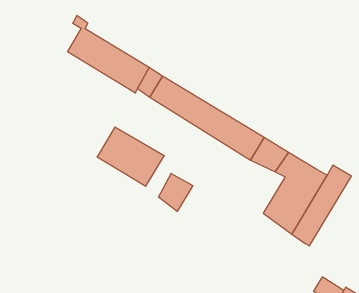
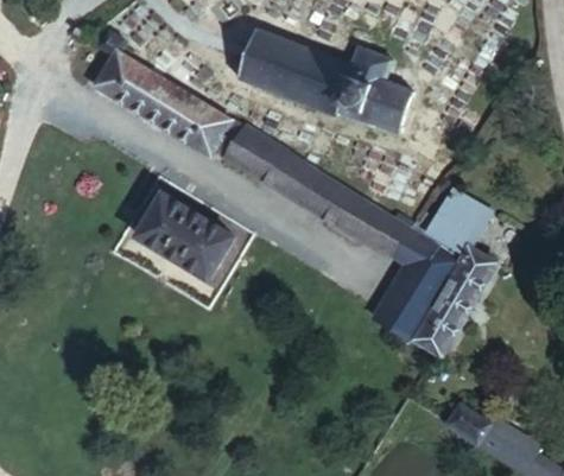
building: none -> [237,27,417,140]
building: none -> [426,186,492,260]
building: [159,173,193,211] -> none

